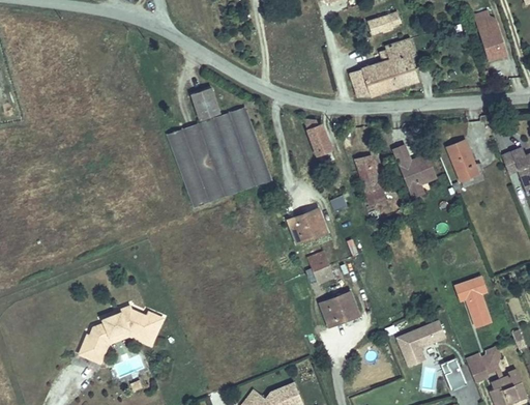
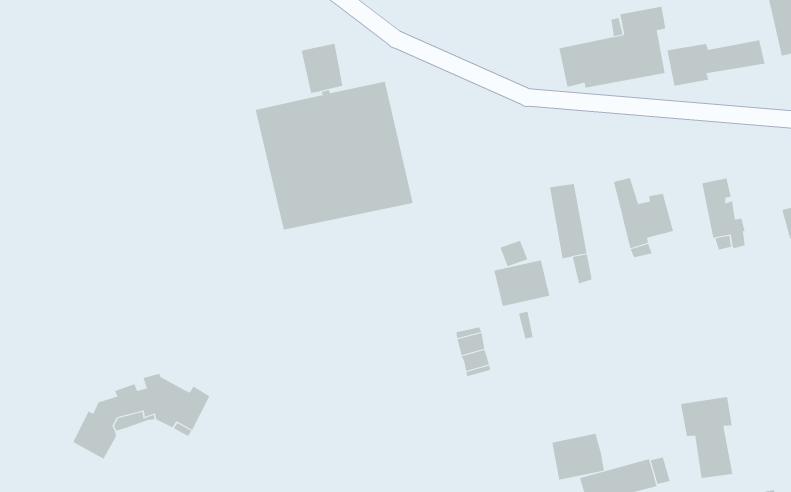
building: none -> [667,39,765,87]
building: [303,119,331,155] -> none
building: [289,209,326,241] -> [493,260,550,307]
building: [322,293,357,325] -> [551,433,605,480]

